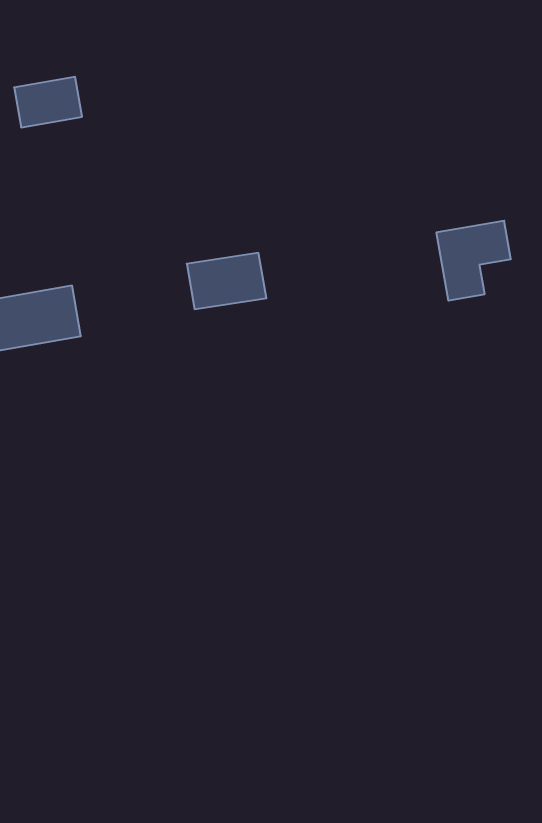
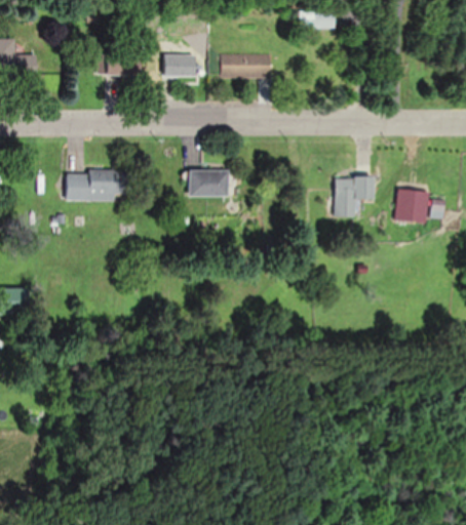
building: none -> [221,53,271,77]
building: none -> [165,53,197,77]

